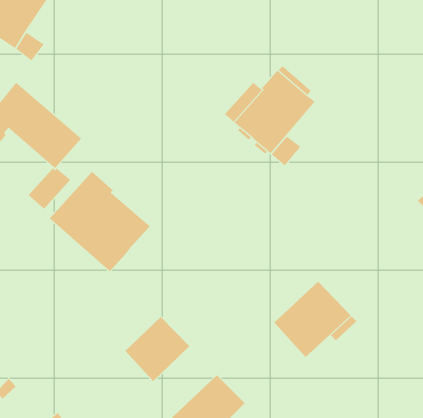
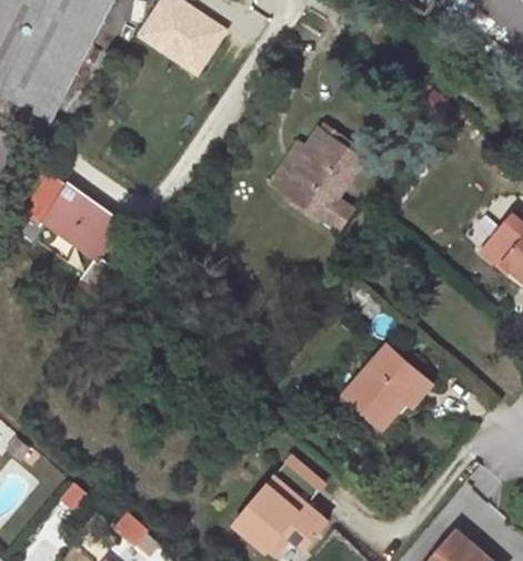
building: [49,172,151,272] -> none
building: [125,316,190,382] -> none

